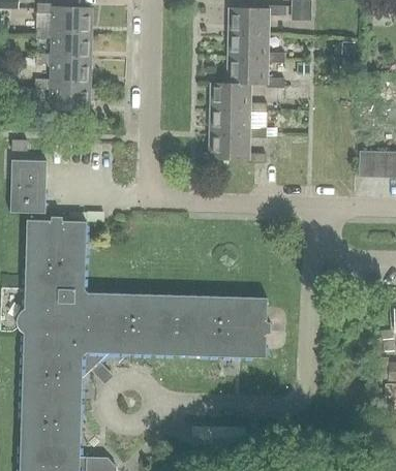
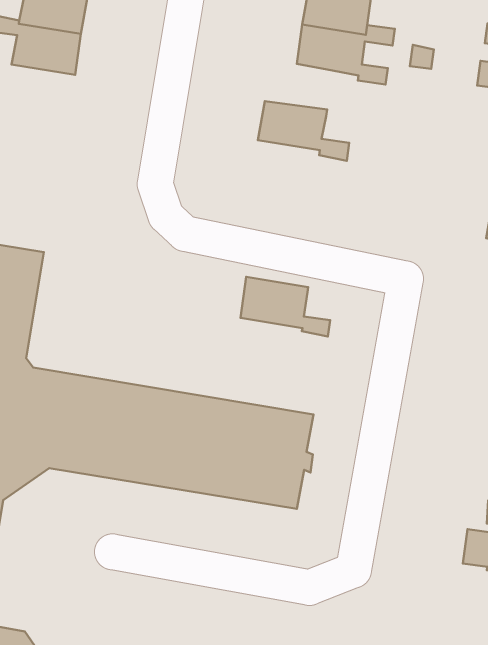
building: [210,83,266,113] -> none
building: [209,133,265,163] -> [240,277,330,337]

